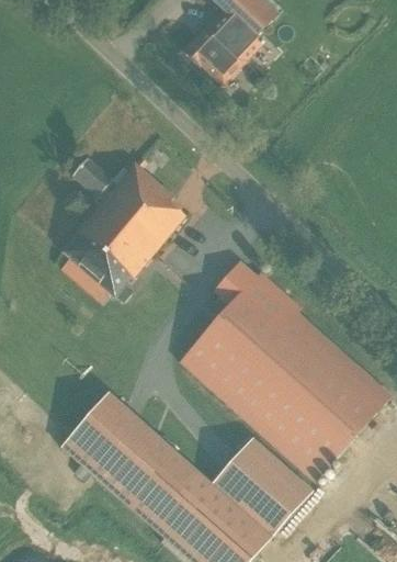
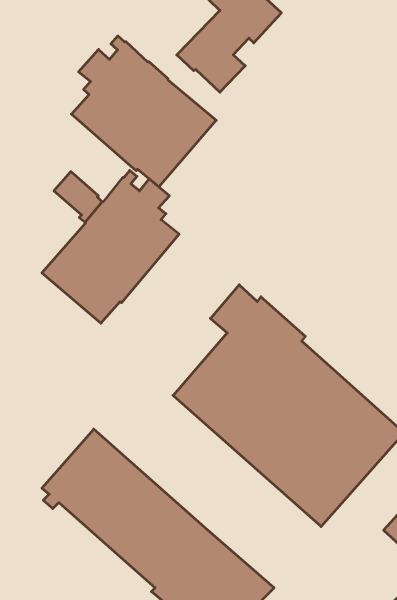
building: none -> [71,36,216,187]
building: [213,437,315,537] -> none

